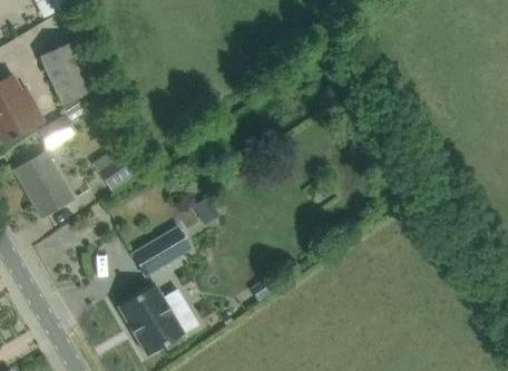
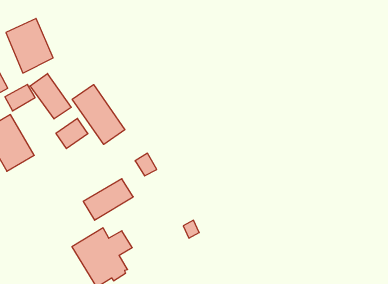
building: none -> [30,73,71,119]
building: none -> [72,85,125,144]

